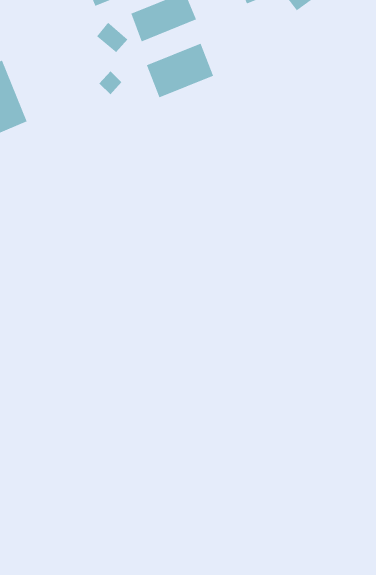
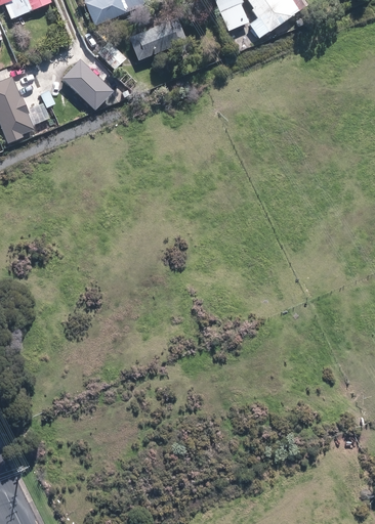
building: none -> [50,54,100,103]
building: [146,43,214,98] -> none

